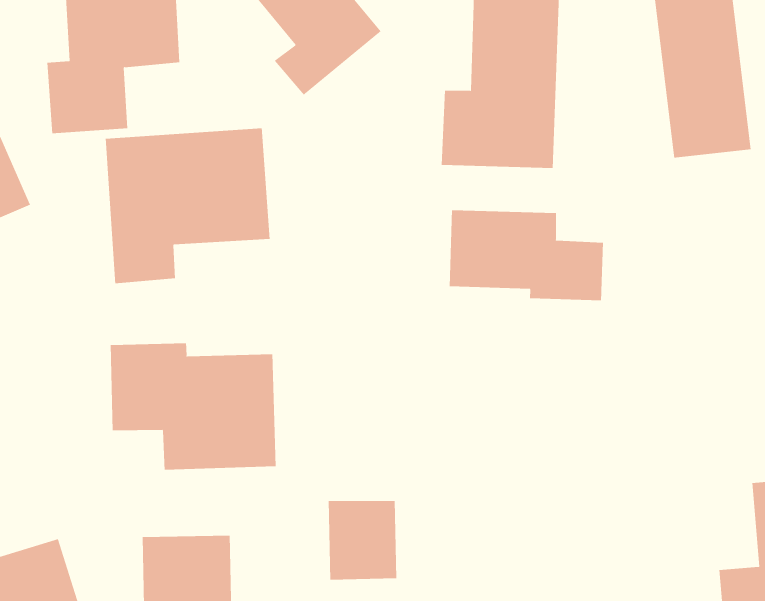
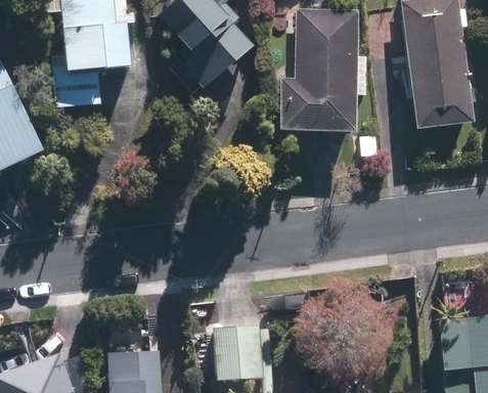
building: [105,127,270,284] -> none
building: [449,209,604,301] -> none
building: [110,343,276,471] -> none

